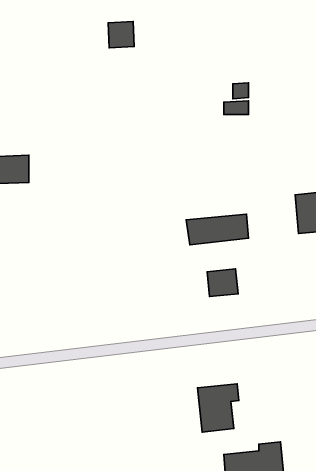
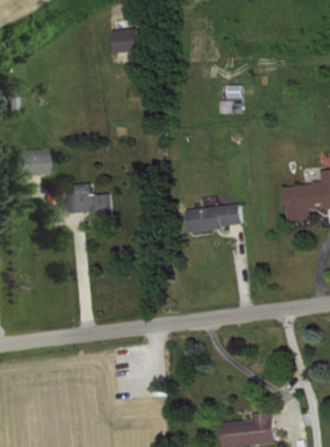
building: none -> [65,183,111,227]
building: [207,269,238,297] -> none
building: [198,384,239,432] -> none

